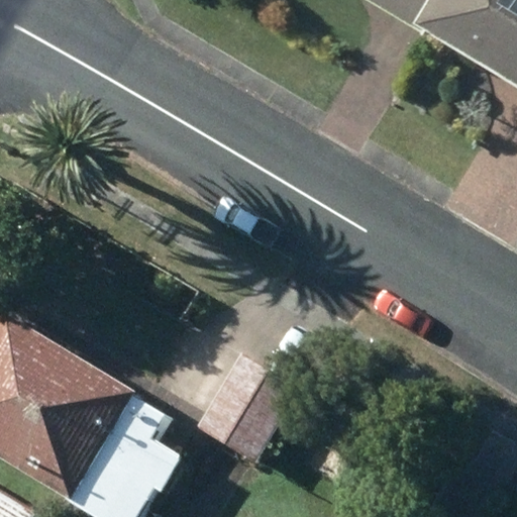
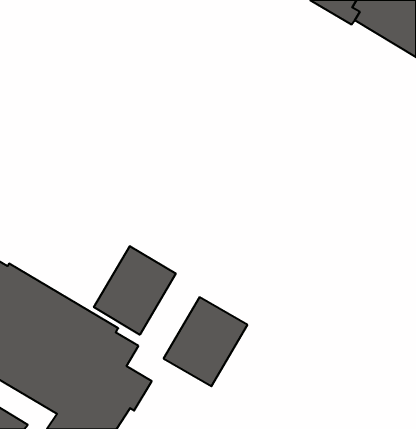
building: none -> [94,246,176,335]

